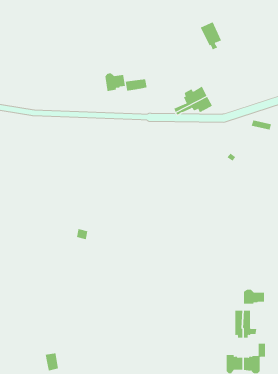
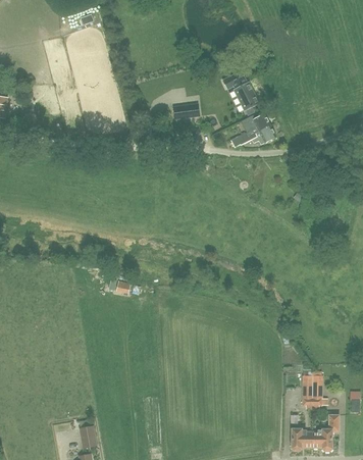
building: [200,21,222,50] -> [234,81,259,114]
building: [105,73,126,92] -> none
building: [244,289,264,304] -> none

